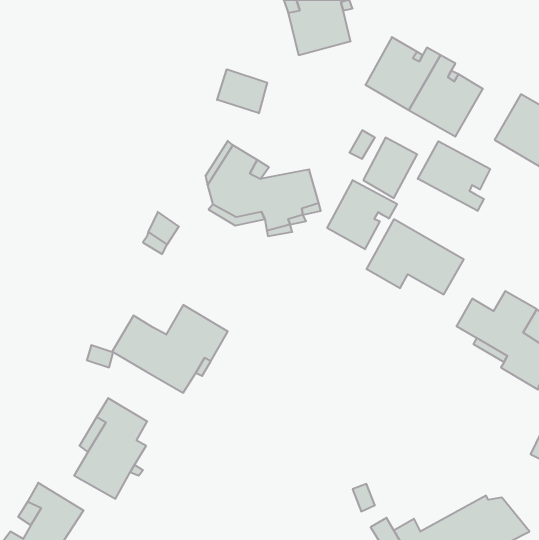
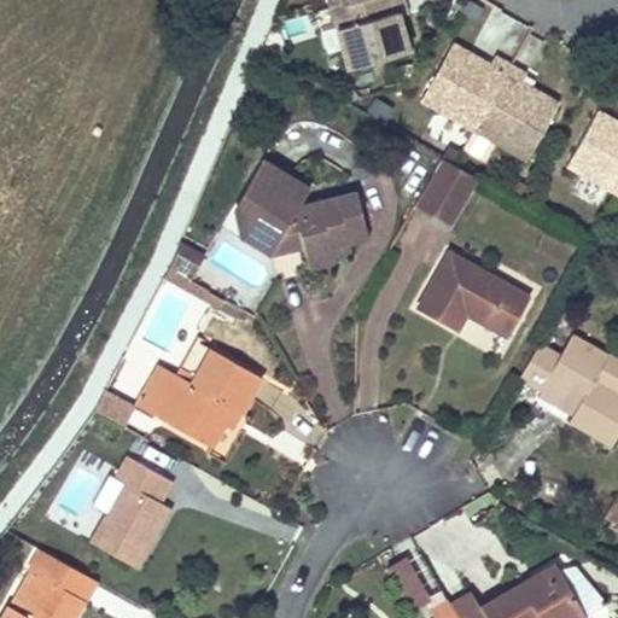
building: [217,69,267,113] -> none
building: [418,141,490,211] -> none
building: [327,180,397,249] -> none

